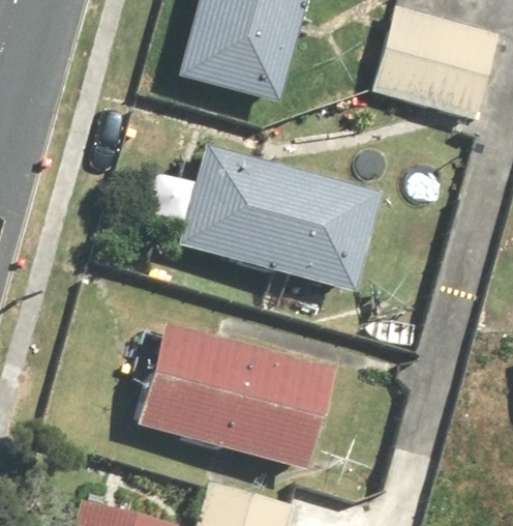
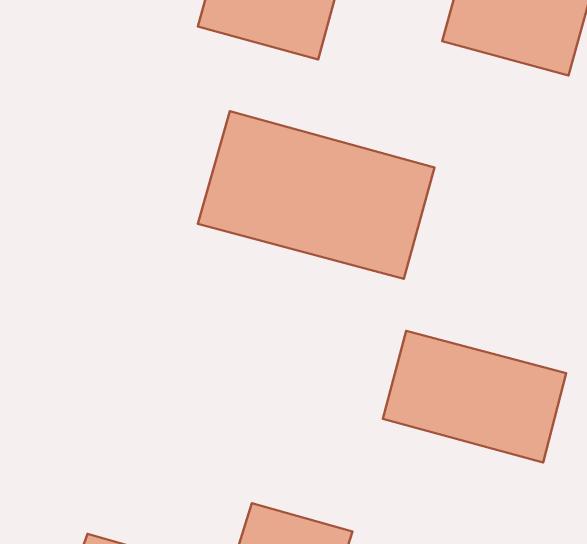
building: [139,322,332,465] -> none
building: none -> [383,331,566,462]

